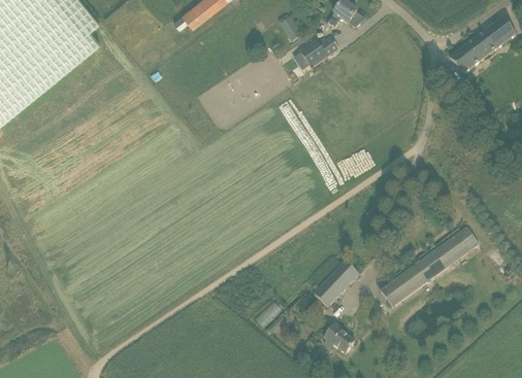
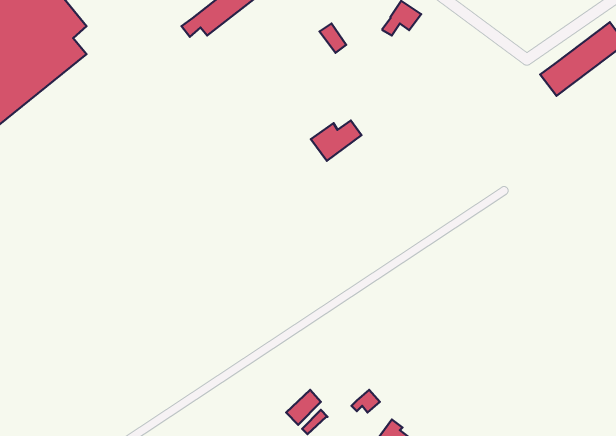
building: [297,39,336,70] -> [311,121,362,161]
building: [379,229,477,308] -> none
building: [313,263,357,308] -> none

